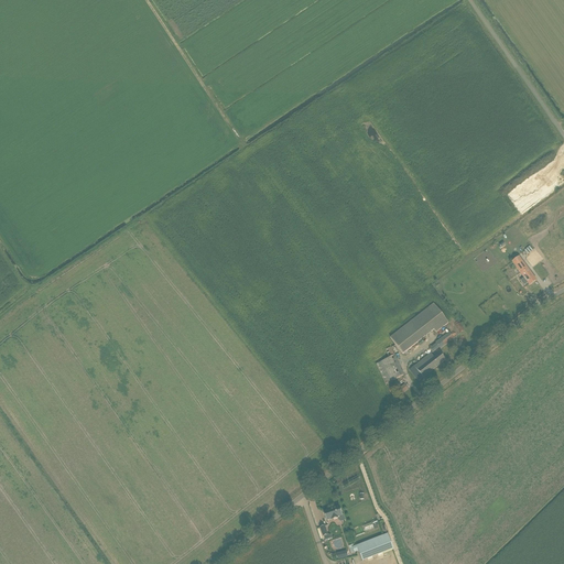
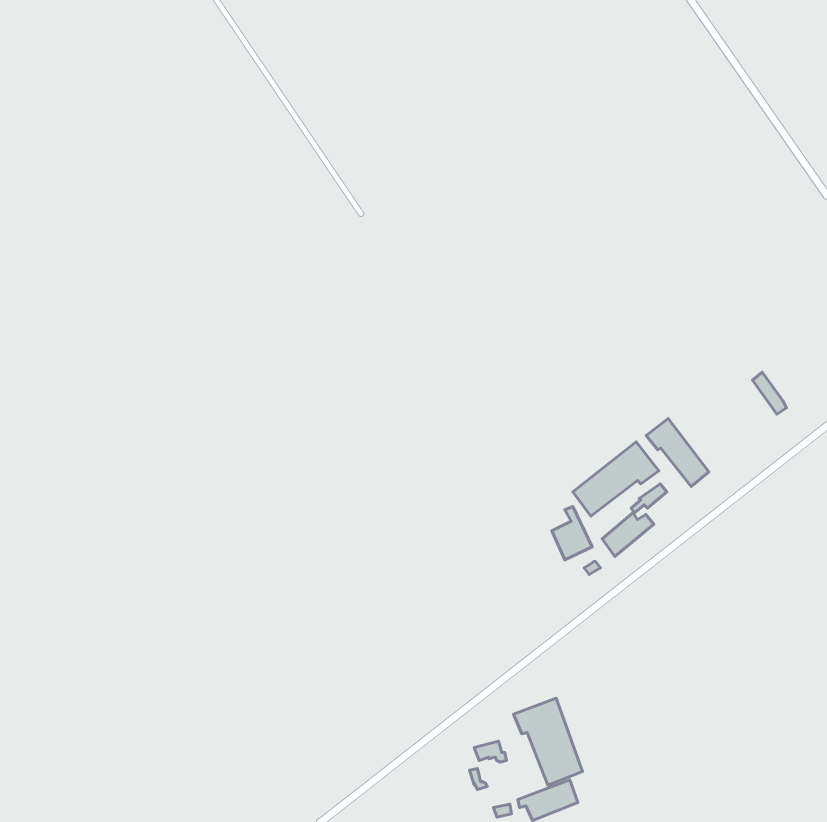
building: none -> [646,419,709,486]
building: none -> [513,698,582,785]

